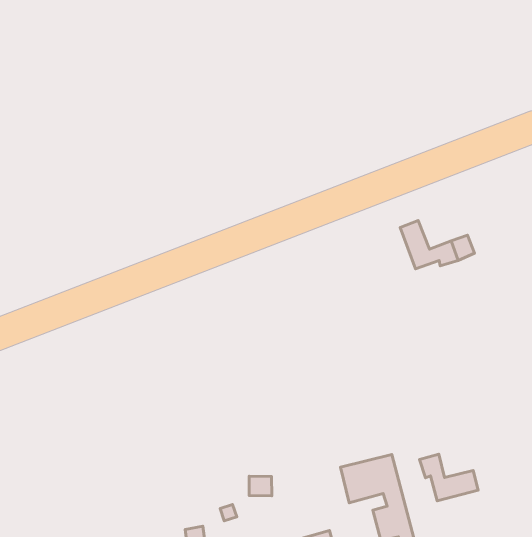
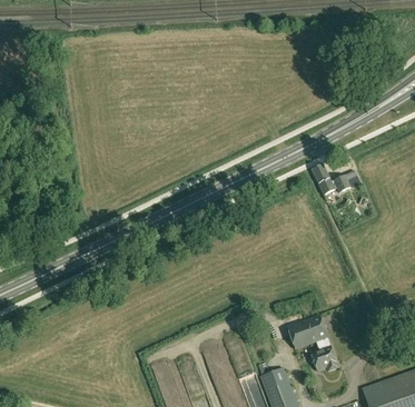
building: [420,454,478,501] -> none

